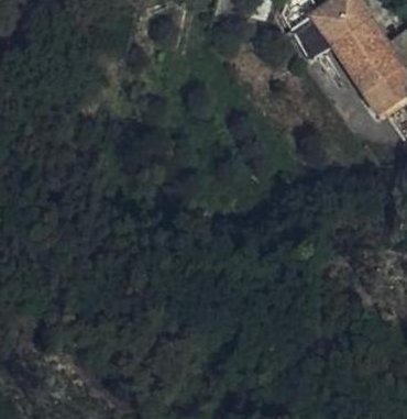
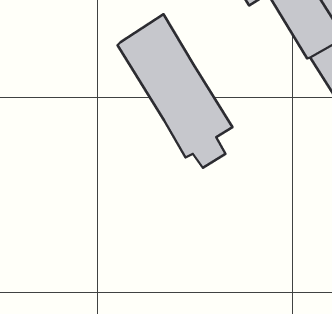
building: none -> [117,14,233,168]

